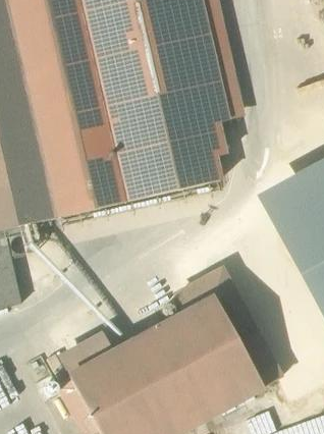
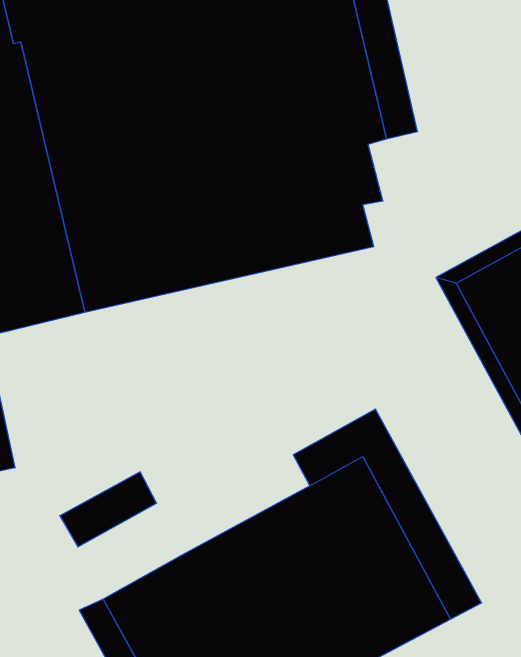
building: [59,334,113,376] -> [60,472,157,547]

